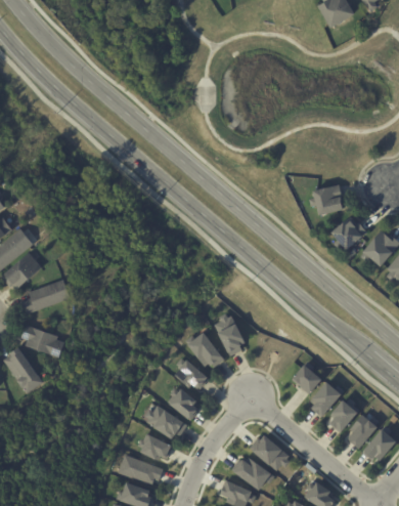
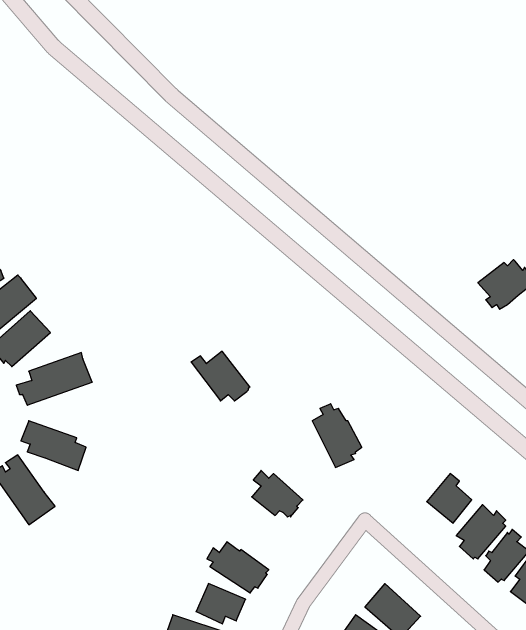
building: [310,183,343,214] -> none
building: [186,333,225,366] -> [191,351,250,401]
building: [168,389,201,421] -> none

